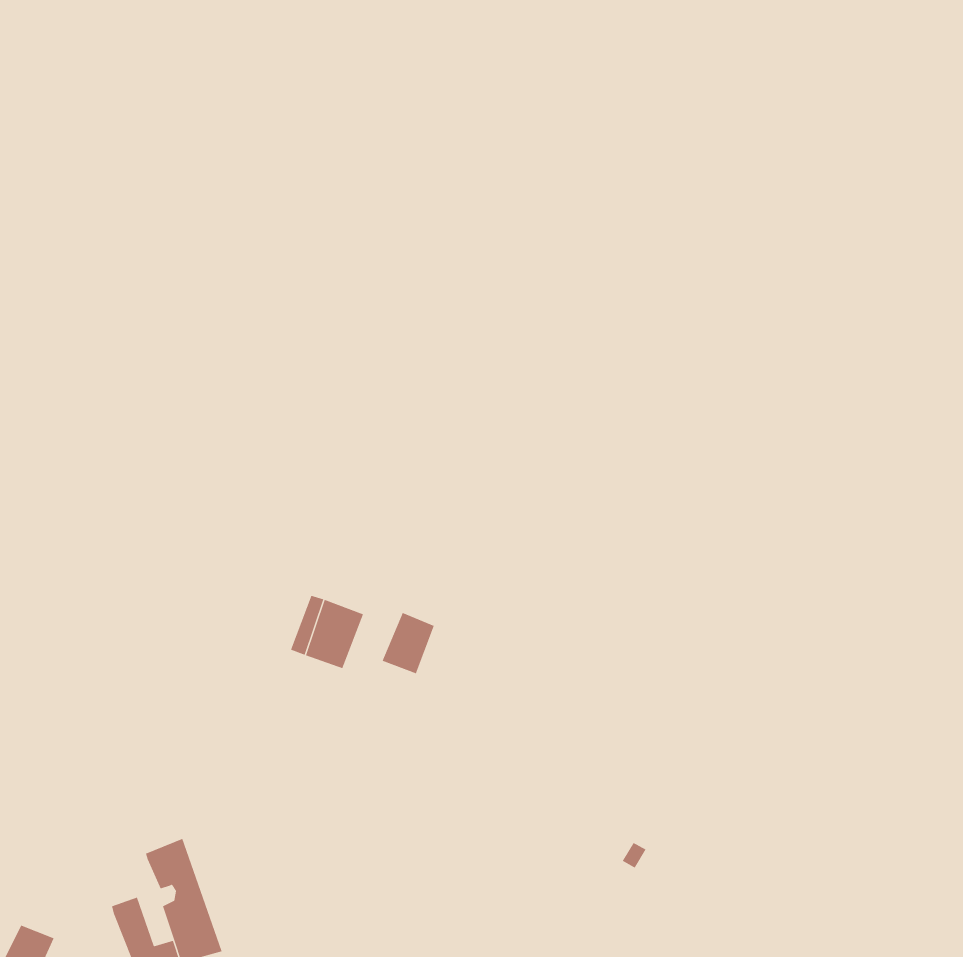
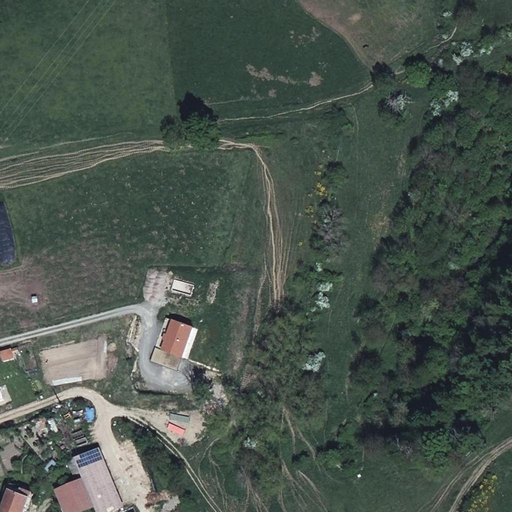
building: [382,612,435,674] -> none
building: none -> [73,473,93,505]

